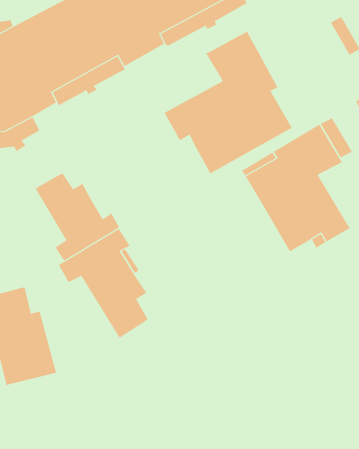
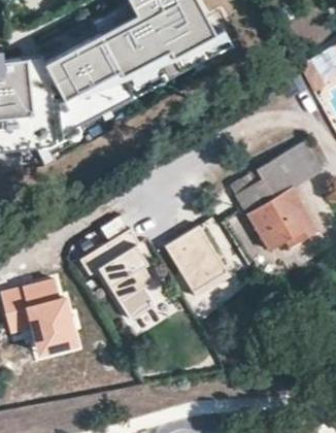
building: [164,31,293,174] -> none
building: [35,172,120,261] -> none
building: none -> [166,225,227,291]

